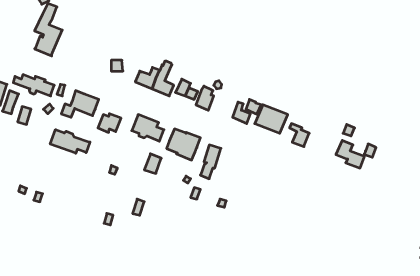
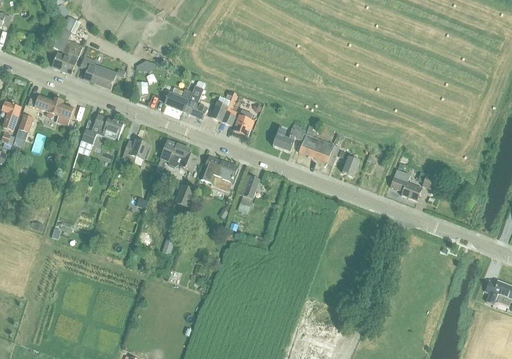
building: none -> [79,56,116,88]
building: [50,130,90,153] -> none

